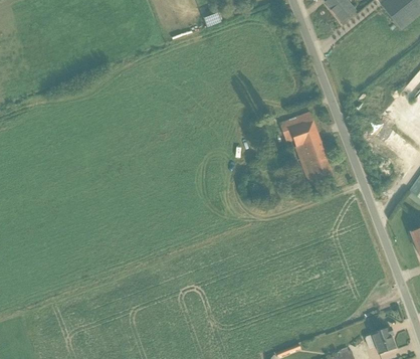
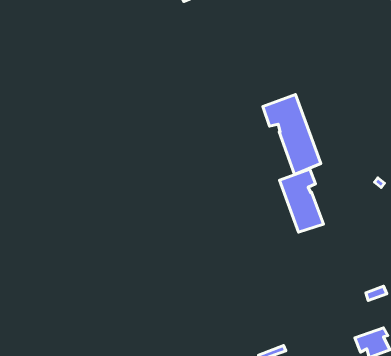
building: none -> [280,169,323,232]

